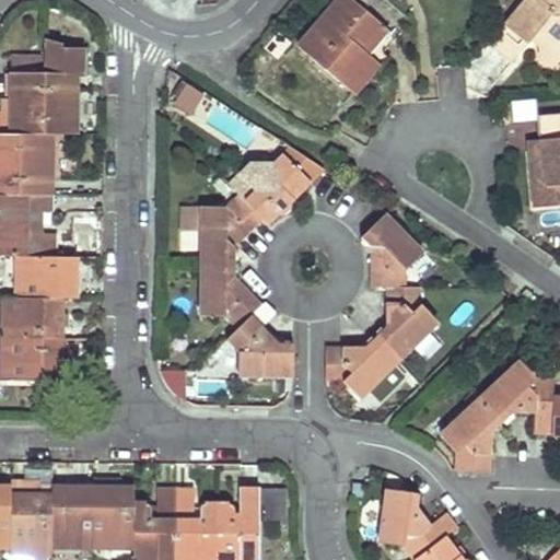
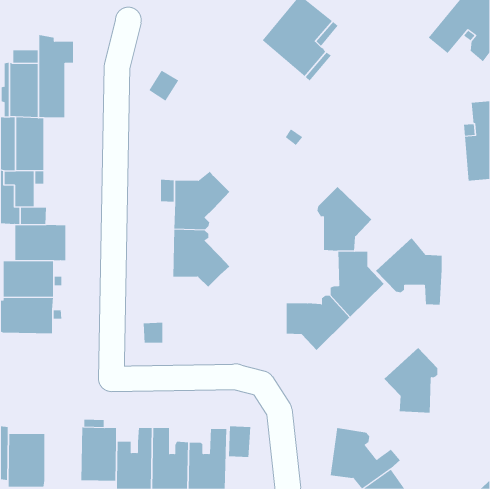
building: [233,147,325,224] -> none
building: [226,314,293,380] -> none
building: [477,358,553,435] -> [375,237,442,305]
building: [51,486,93,548] -> none

